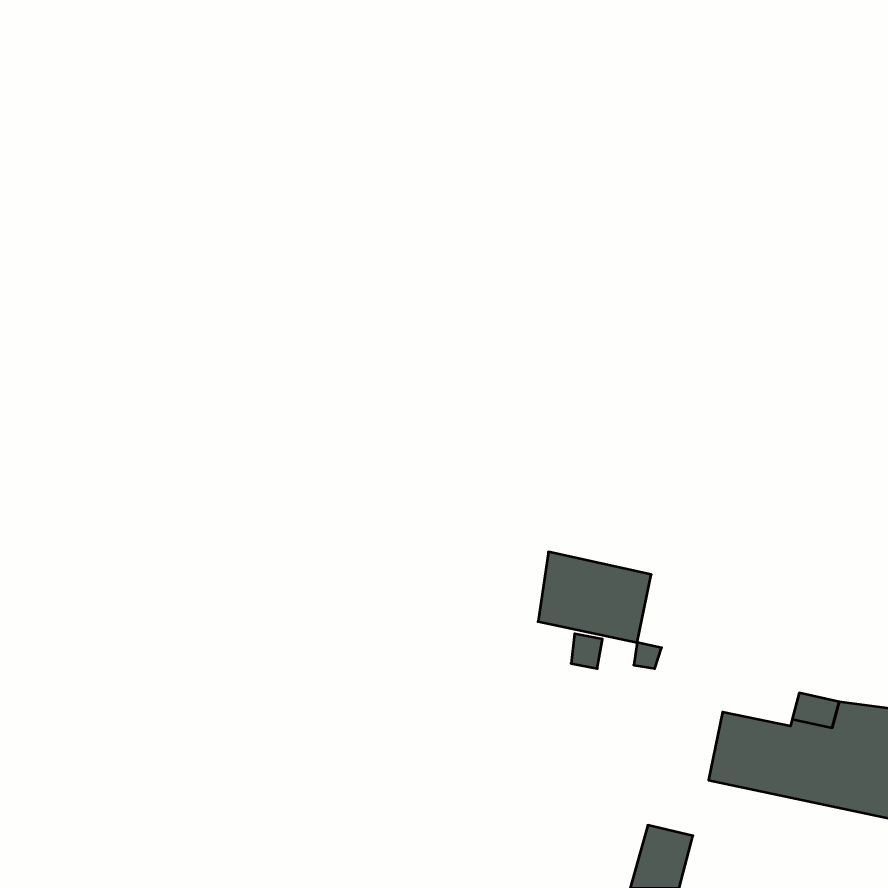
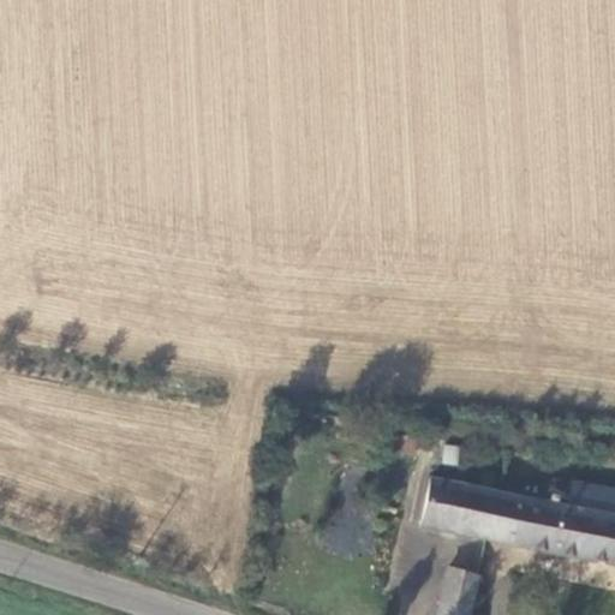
building: [538,552,651,642] -> [422,476,500,538]

